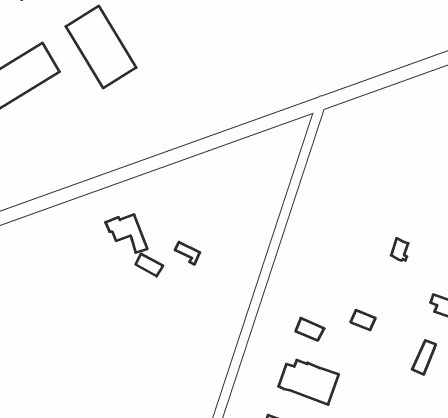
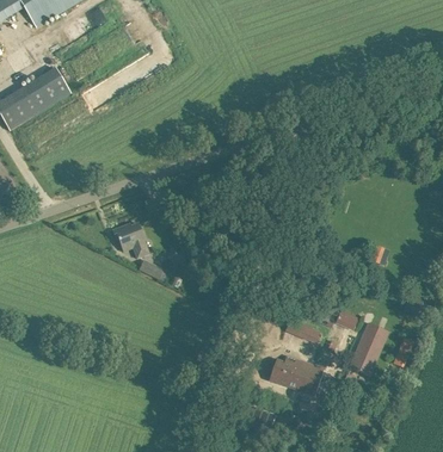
building: [66,6,136,88] -> none
building: none -> [349,322,389,374]

